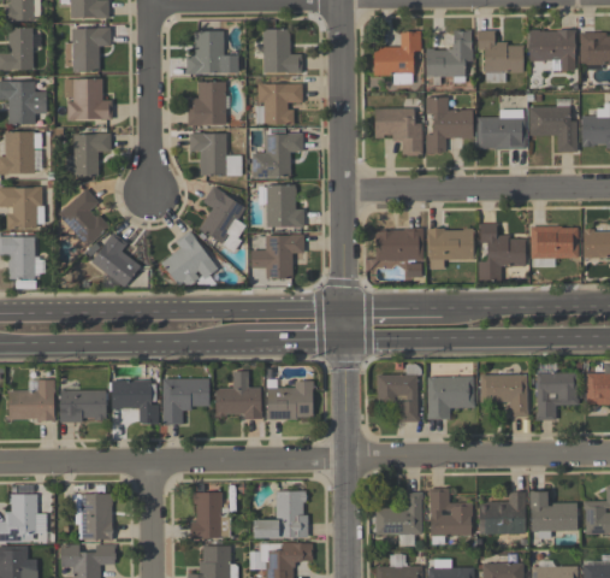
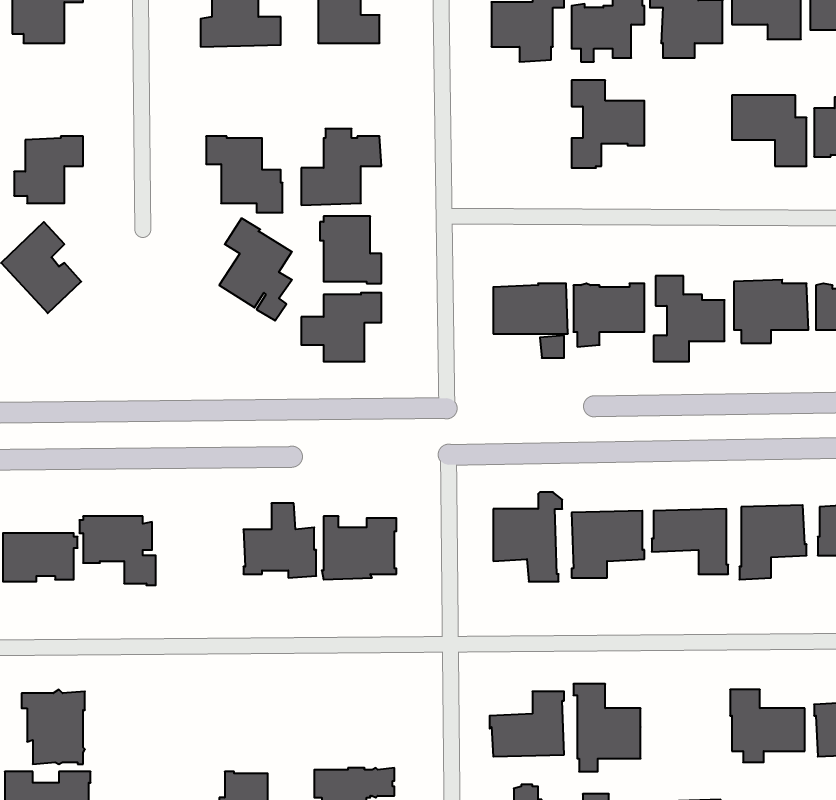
building: [63,79,112,120] -> none
building: [186,83,226,126] -> none
building: [256,84,302,125] -> none
building: [374,108,422,157] -> none
building: [478,111,526,151] -> none
building: [161,231,218,288] -> none
building: [91,232,141,288] -> none
building: [161,378,208,424] -> none
building: [253,490,307,537] -> none
building: [189,491,230,538] -> none
building: [478,491,525,533] -> none

